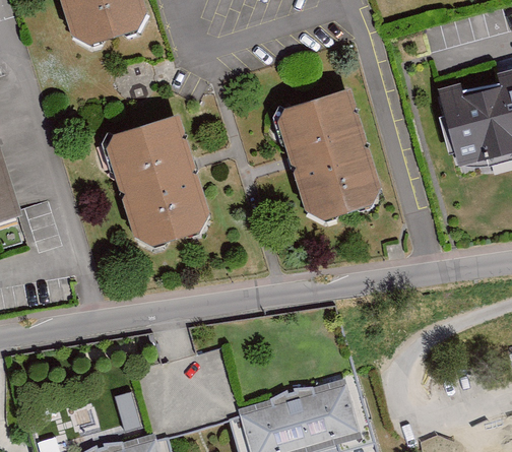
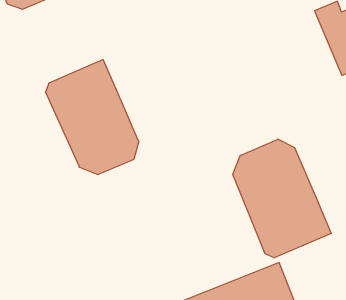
building: [280,87,380,218] -> none
building: none -> [233,139,331,258]

